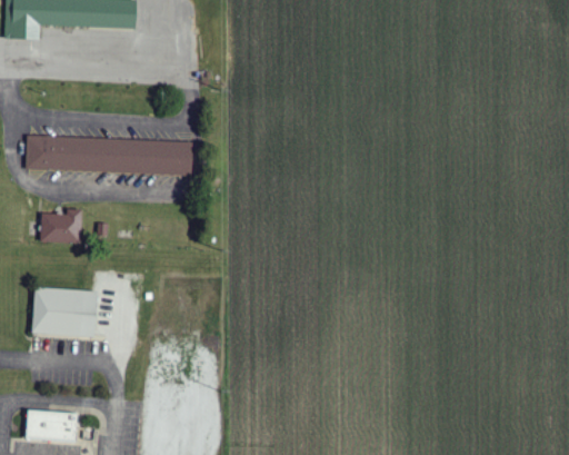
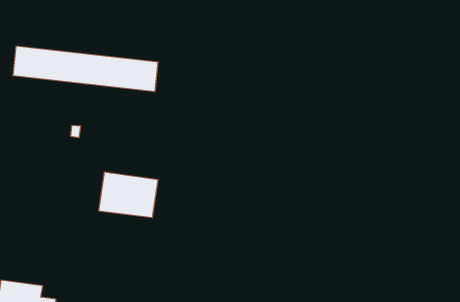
building: [40,210,81,245] -> none
building: [31,287,98,336] -> [99,172,158,218]

